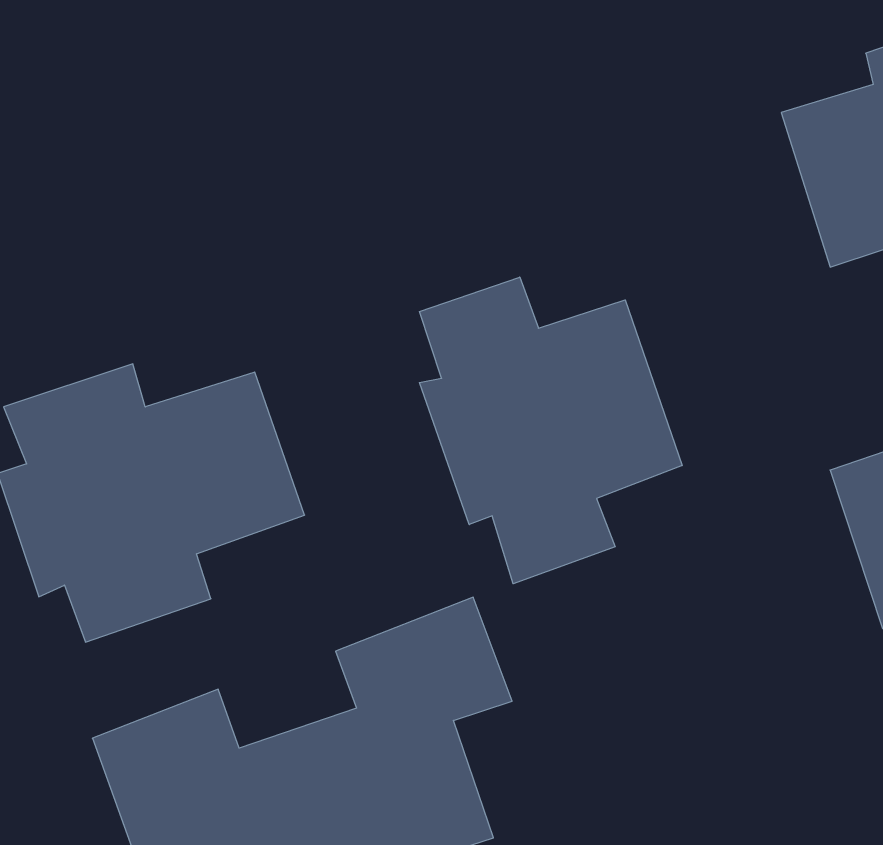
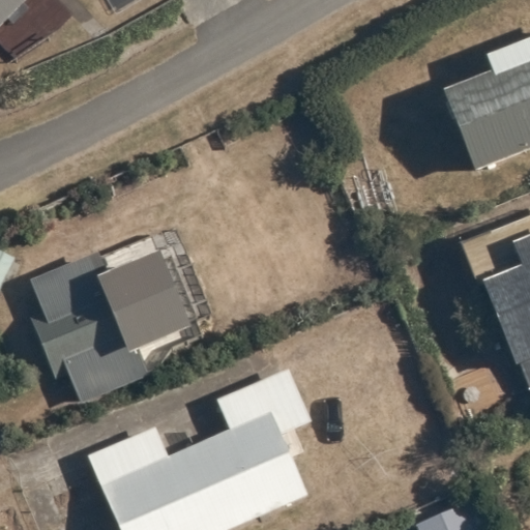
building: [419,277,682,584] -> none

